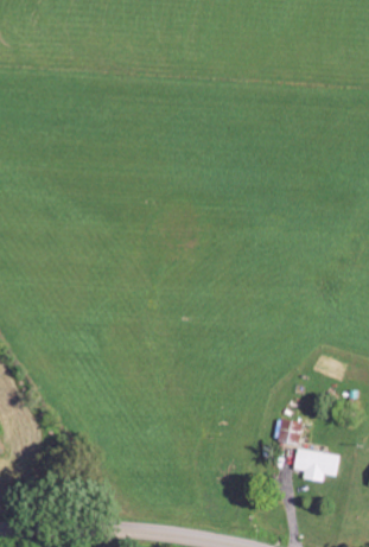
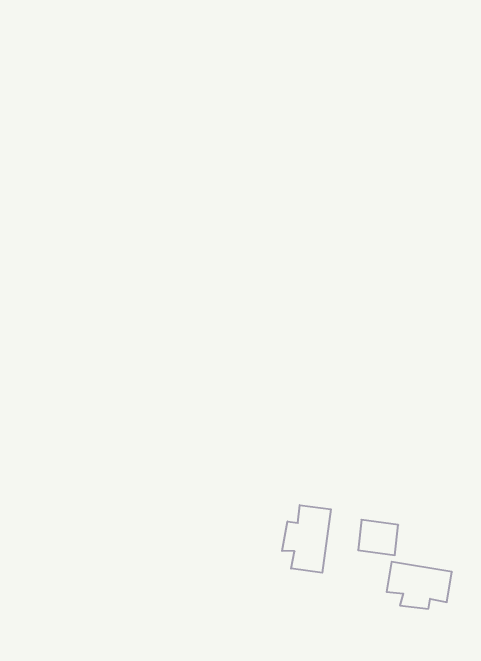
building: none -> [282,505,331,573]

